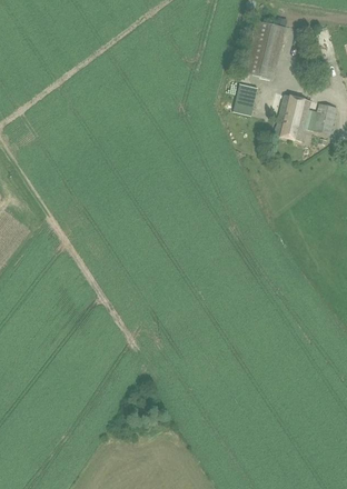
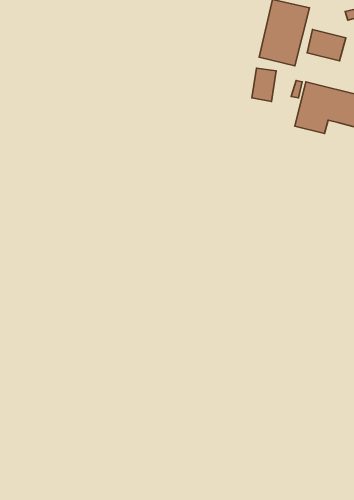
building: none -> [307,29,346,61]

